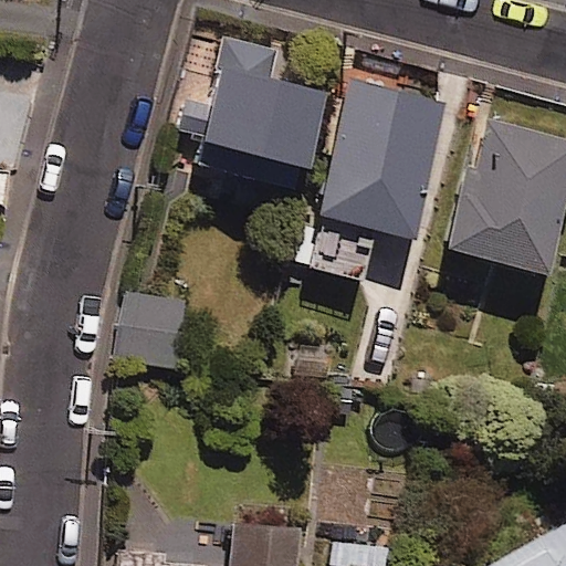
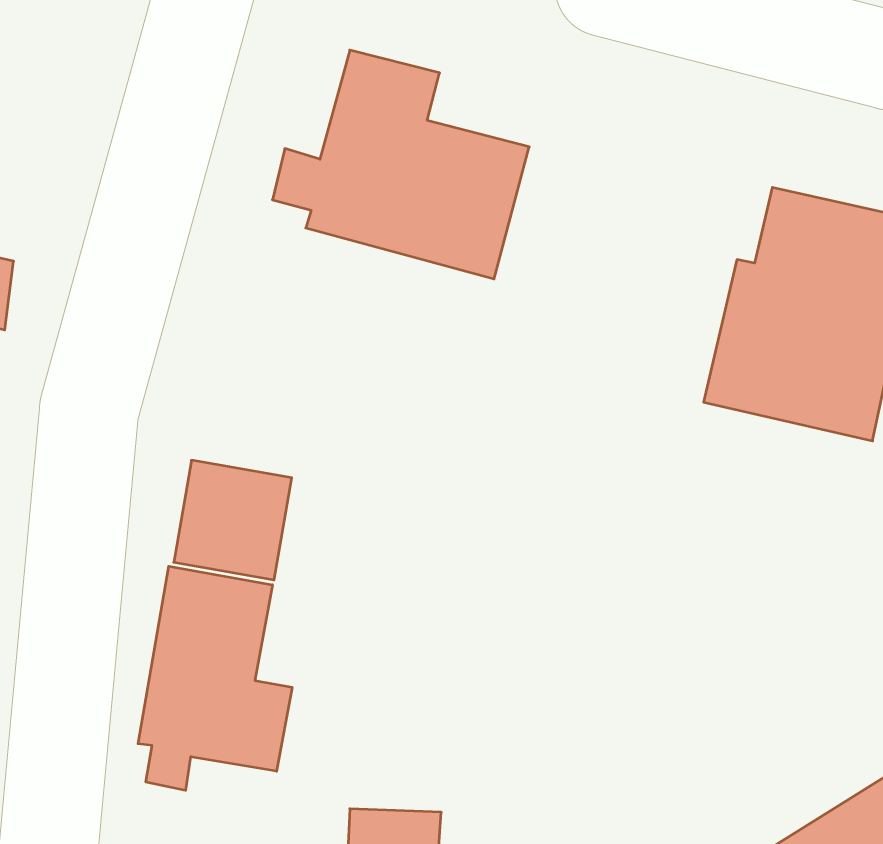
building: [318,78,450,244] -> none
building: none -> [138,566,292,790]

